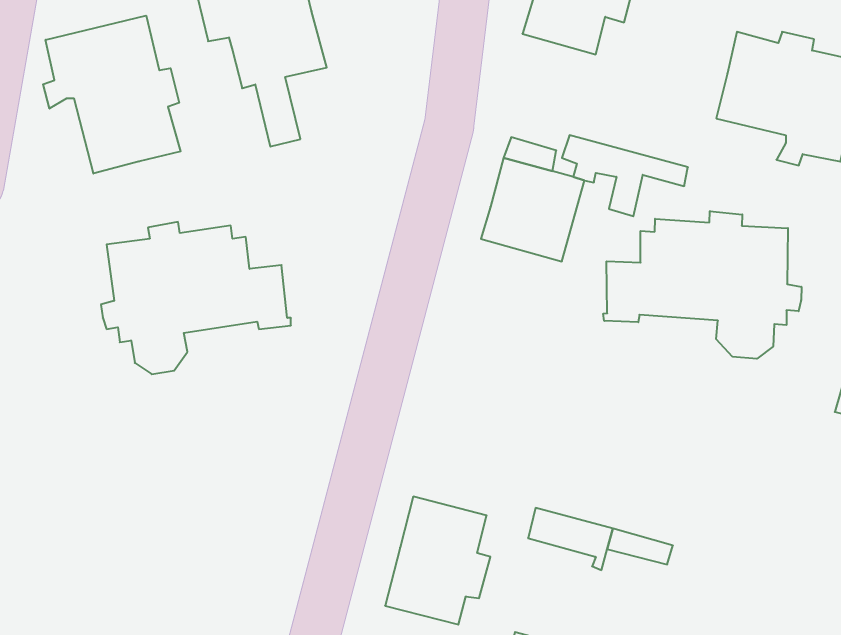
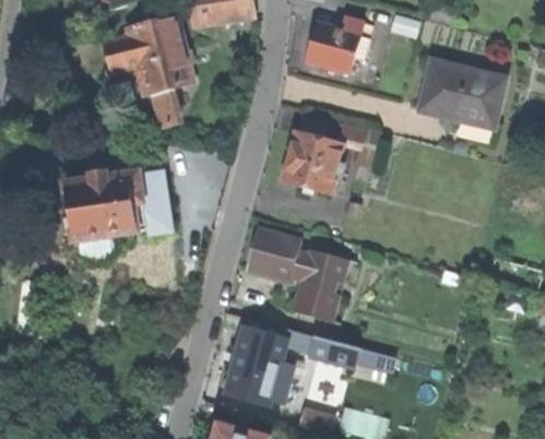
building: [43,16,181,174] -> none
building: [603,211,801,359] -> none
building: none -> [249,229,342,320]

